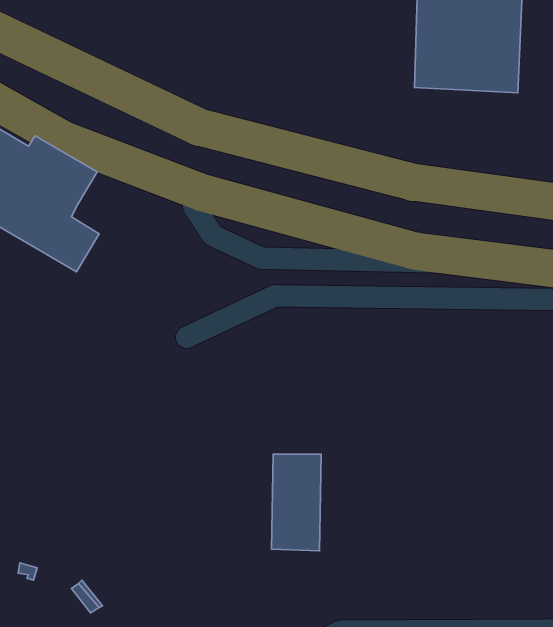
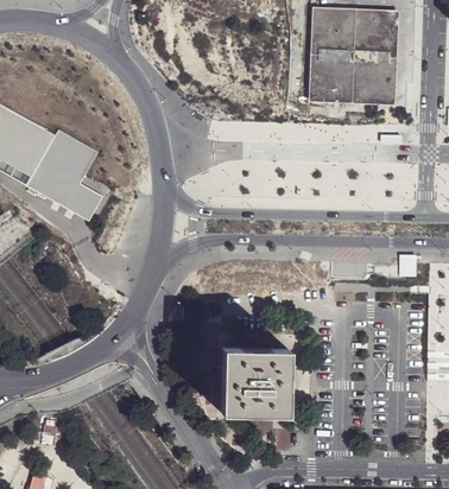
building: none -> [254,348,289,414]

